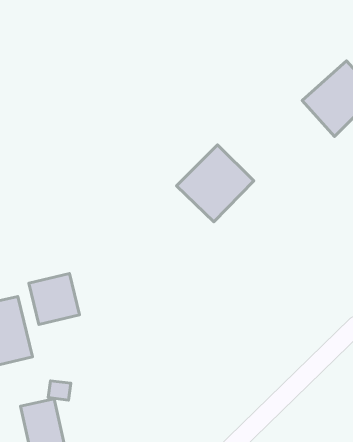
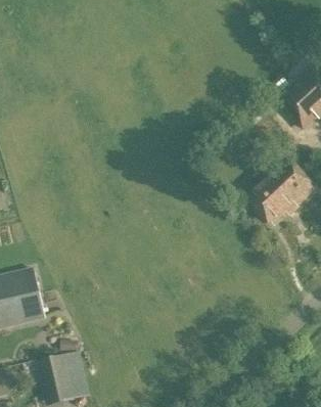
building: [177,145,254,222] -> [248,156,314,222]
building: [29,273,79,325] -> none

